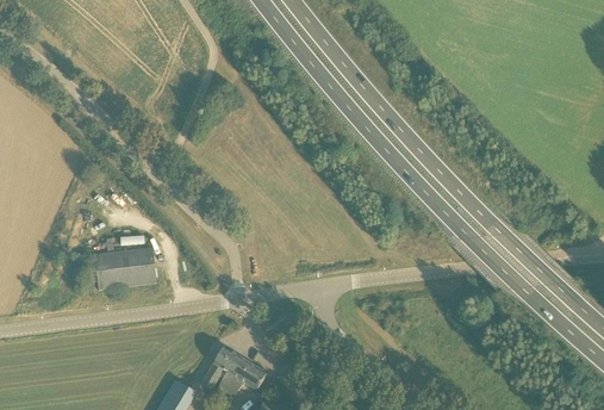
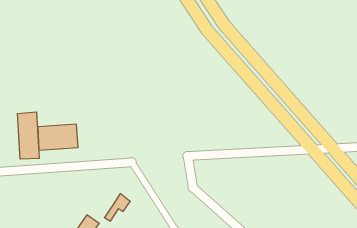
building: none -> [17,112,39,159]
building: [223,356,267,390] -> none

